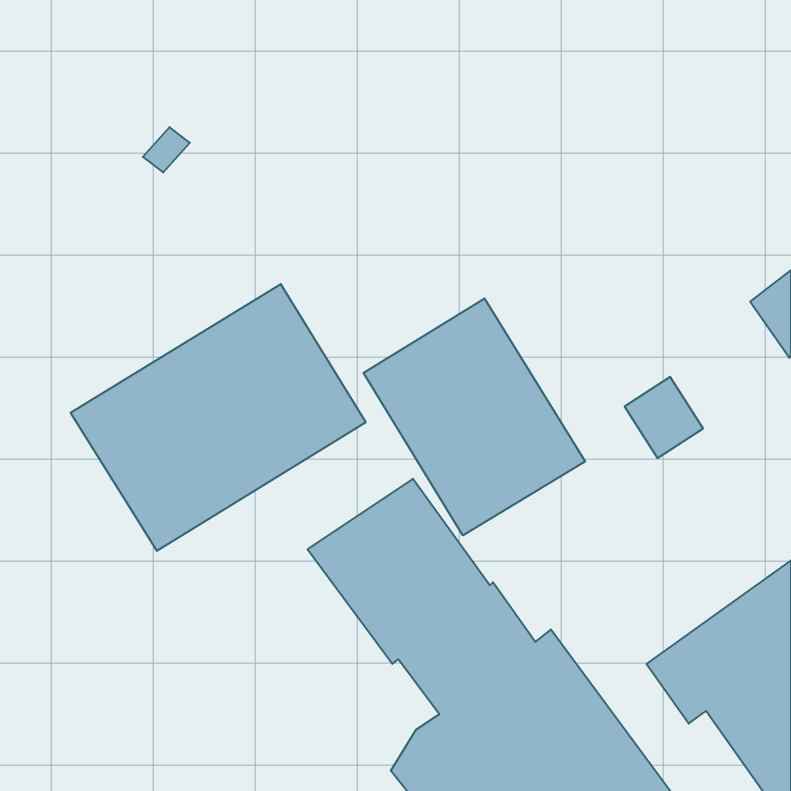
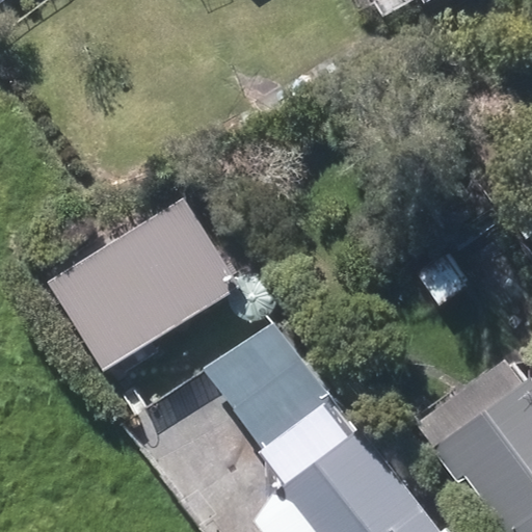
building: [364,298,585,535] -> none

